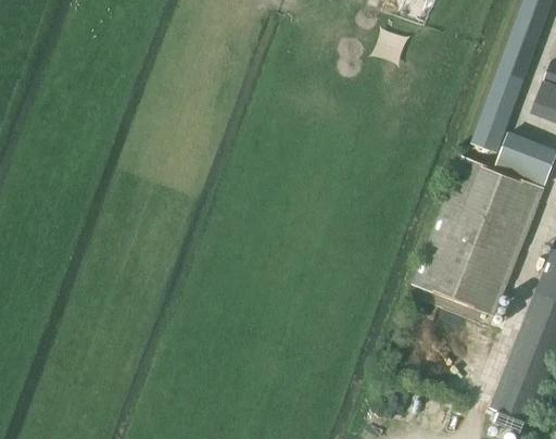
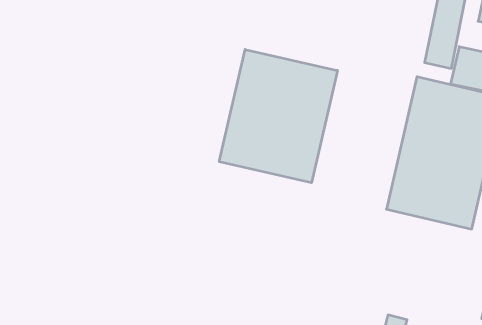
building: none -> [219,49,337,183]

